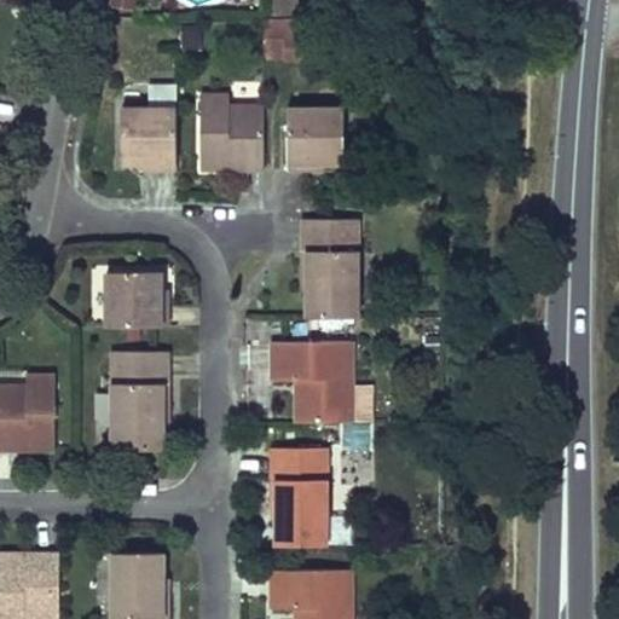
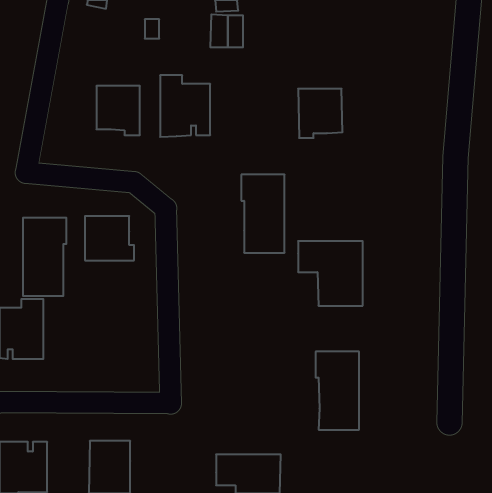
building: [288,109,343,170] -> [298,89,343,138]
building: [271,341,352,422] -> [298,241,363,306]
building: [112,352,167,450] -> [23,218,66,296]
building: [272,447,326,545] -> [316,352,359,430]

